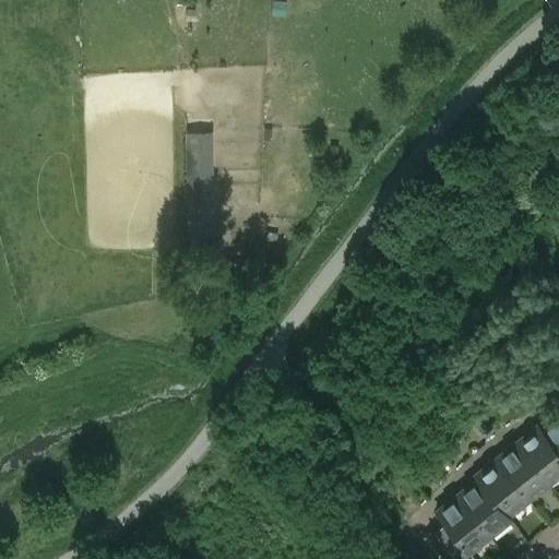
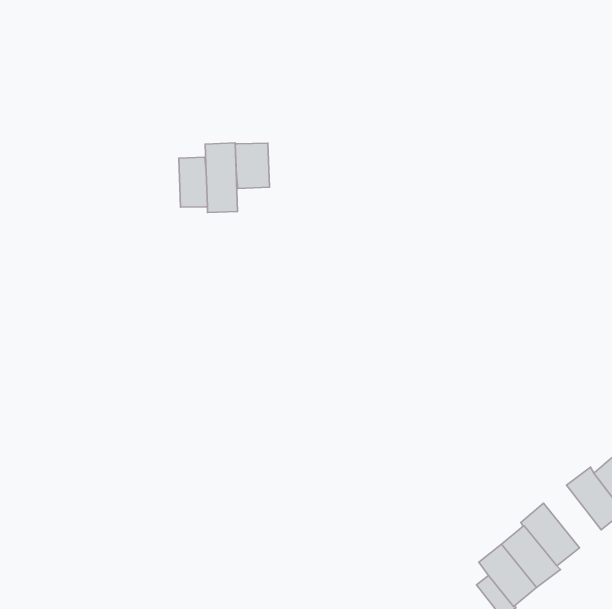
building: none -> [235,143,269,188]
building: none -> [179,157,207,207]
building: [496,445,548,502] -> none

